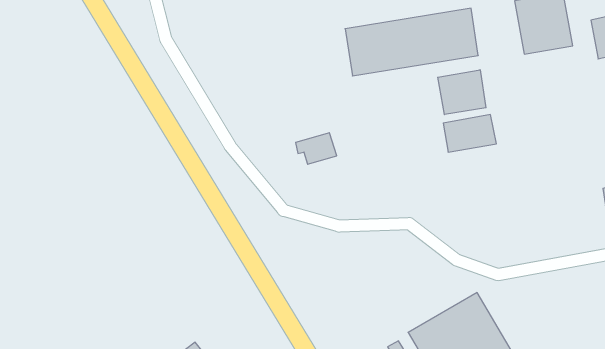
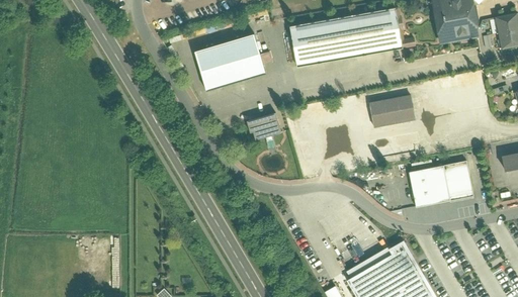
building: none -> [194,34,265,91]
building: [438,70,486,115] -> none
building: none -> [409,161,472,205]

